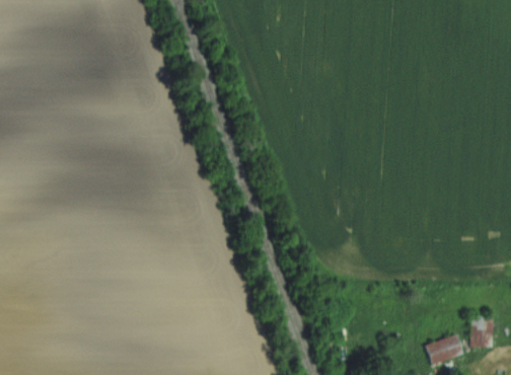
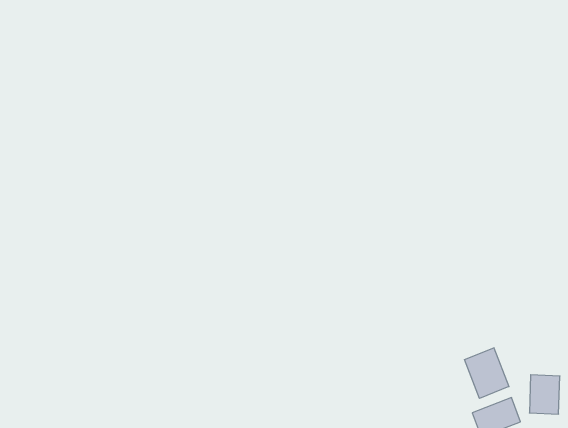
building: none -> [465,348,509,398]

